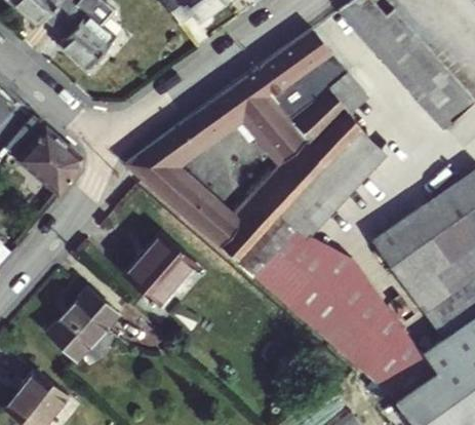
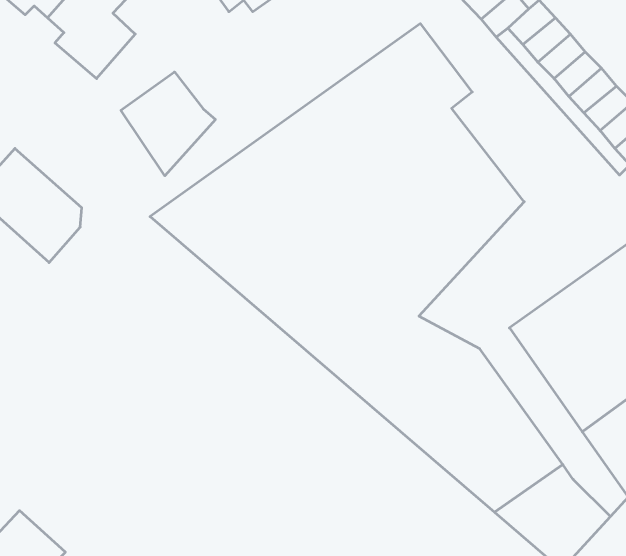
building: none -> [121,72,215,176]
building: [125,231,198,304] -> none
building: [48,287,119,359] -> none

